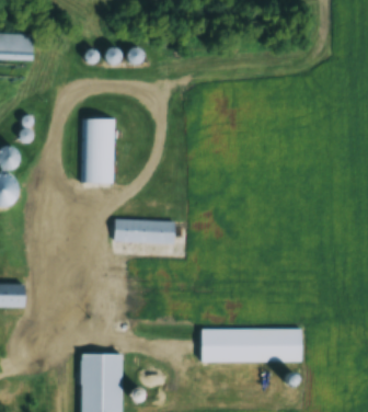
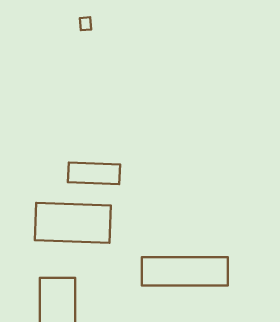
building: [83,117,115,183] -> none
building: none -> [35,203,111,243]

